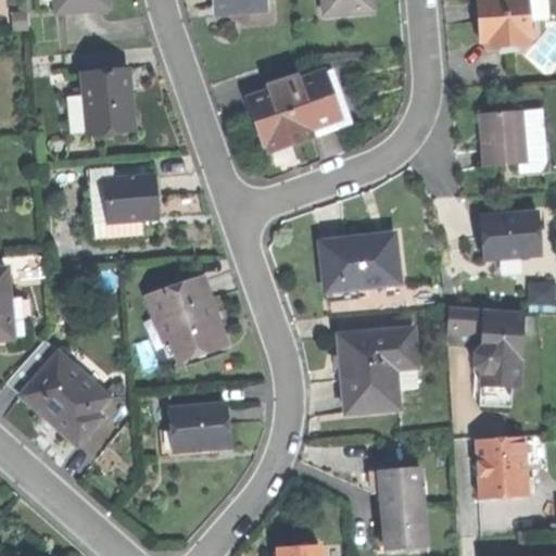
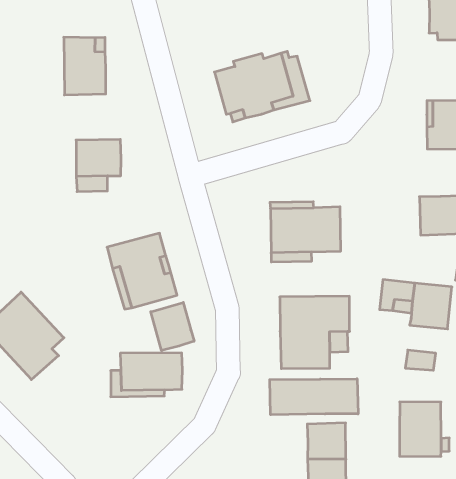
building: none -> [151,302,194,351]
building: [480,354,521,382] -> none
building: none -> [270,379,358,415]

